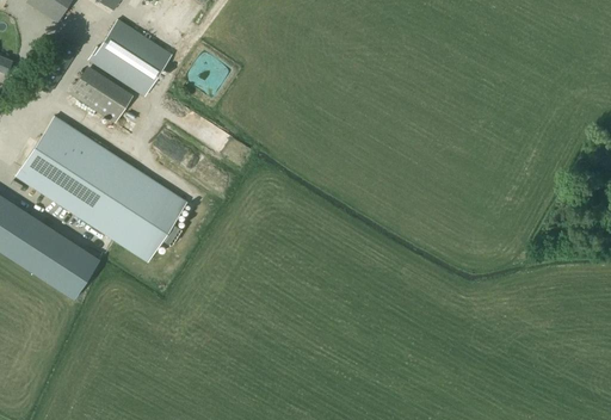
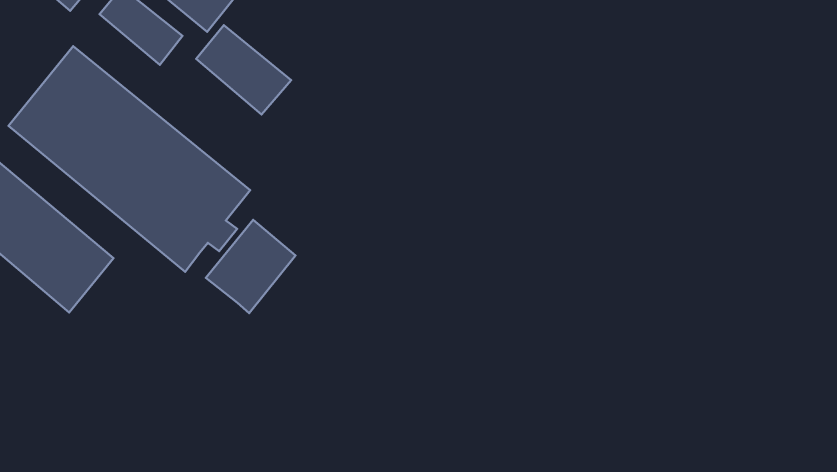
building: none -> [196,25,291,114]
building: none -> [206,220,295,313]

